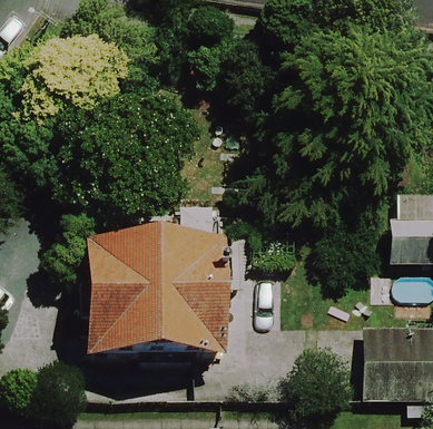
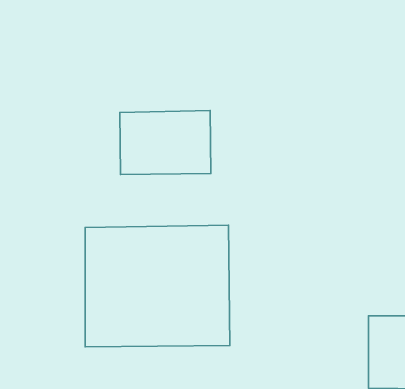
building: none -> [120,111,211,174]

